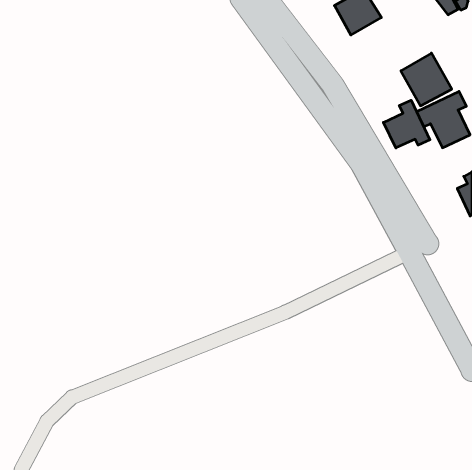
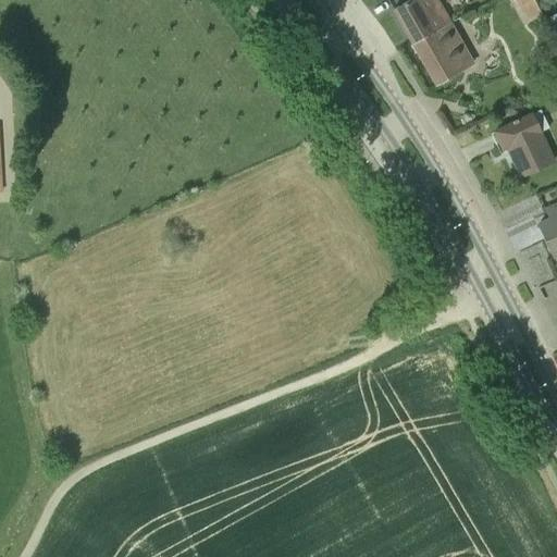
building: [401,53,452,106] -> [413,21,473,83]
building: [383,100,430,148] -> none

